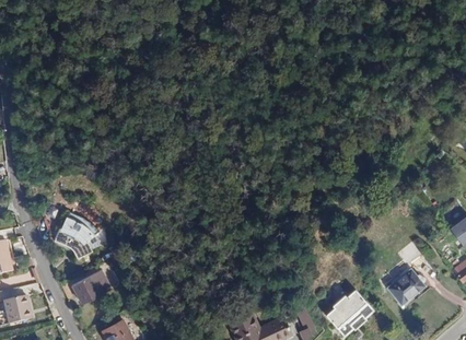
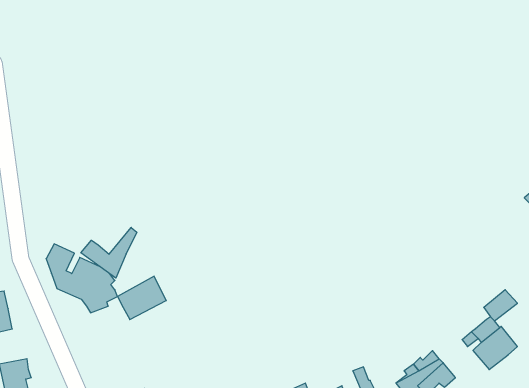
building: none -> [81,227,137,278]
building: [73,269,113,304] -> [118,276,166,320]

